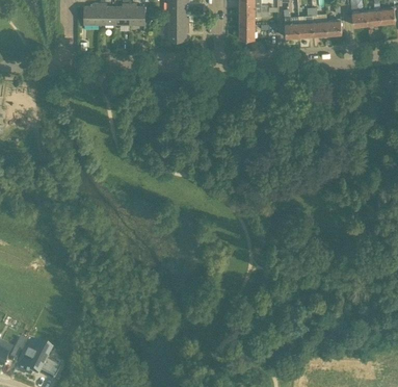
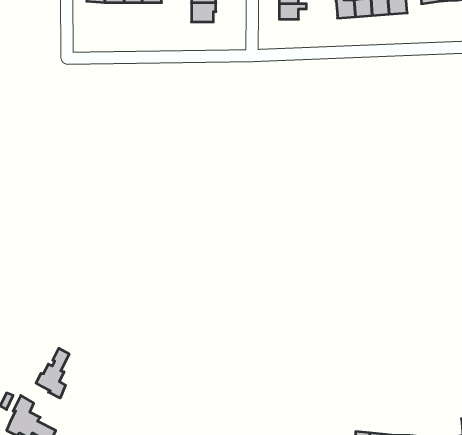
building: none -> [36,348,69,398]

